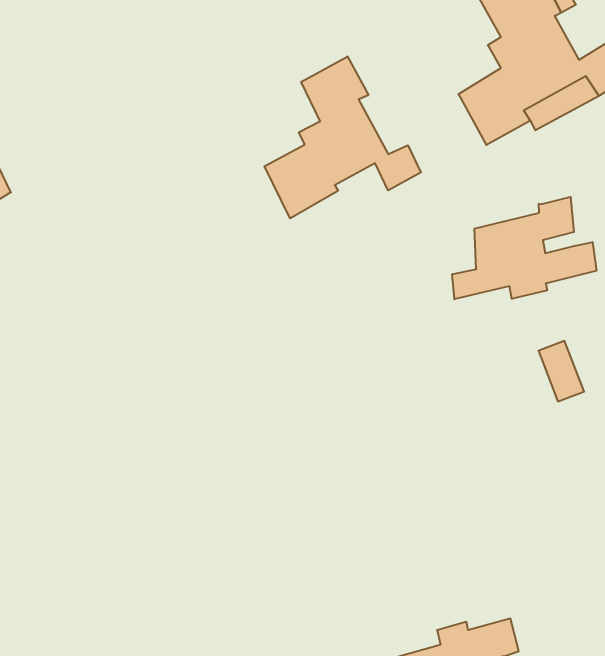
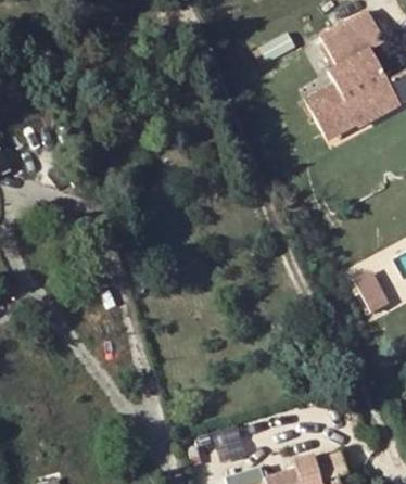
building: [264,56,421,218] -> none
building: [452,197,597,299] -> none

